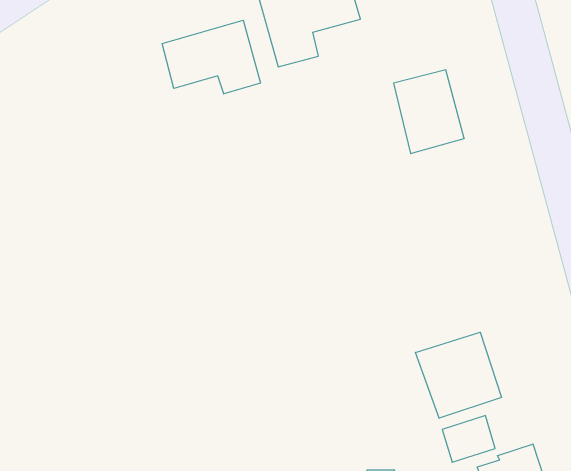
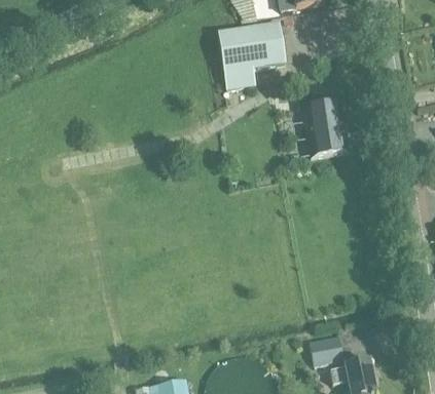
building: [162,20,261,94] -> none
building: [415,332,501,418] -> none

